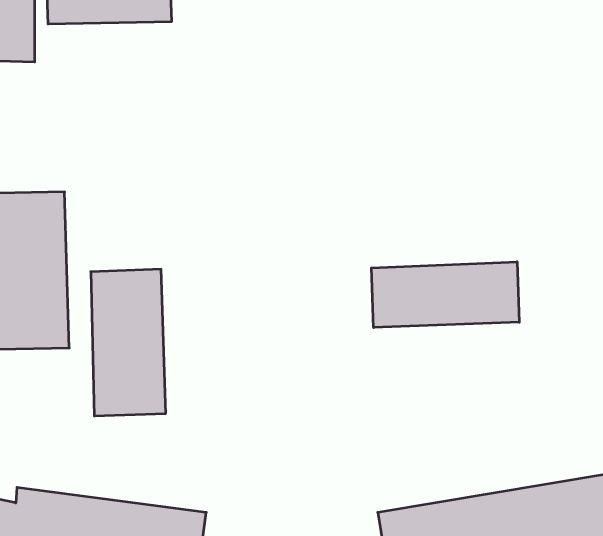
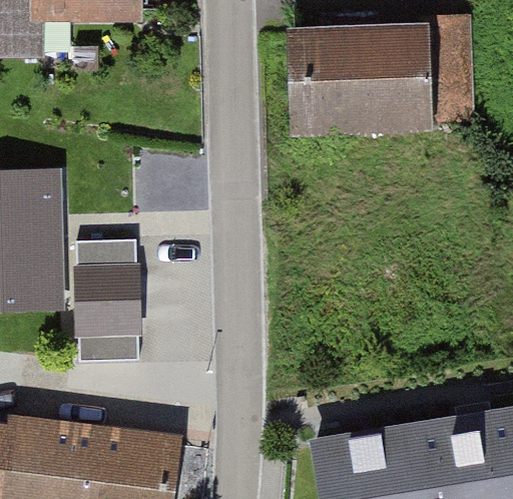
building: none -> [294,28,450,143]
building: [371,262,519,328] -> none

